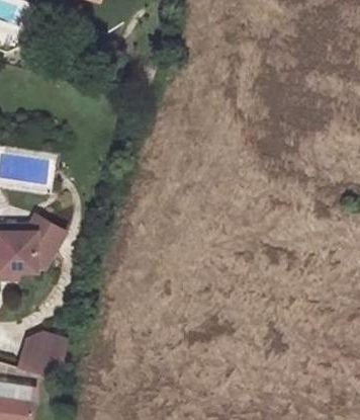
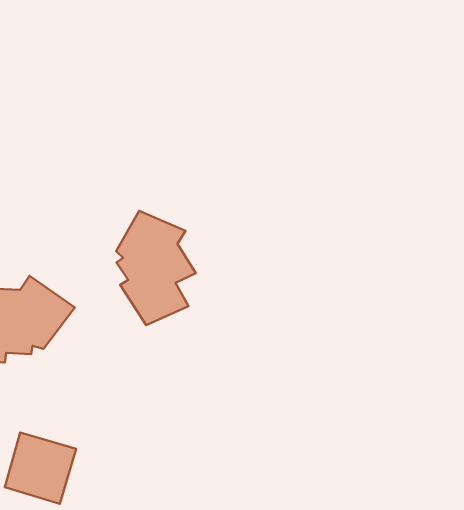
building: none -> [116,211,196,325]

